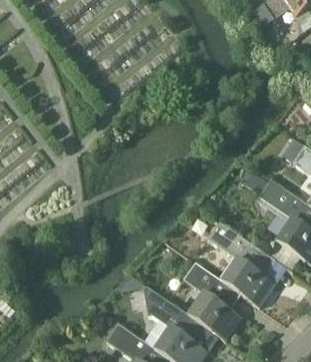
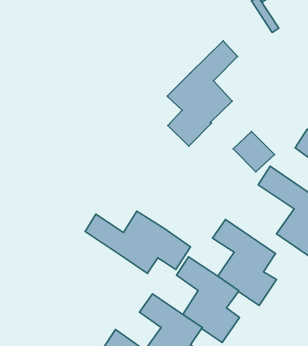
building: none -> [168,41,238,146]
building: none -> [85,211,191,274]

